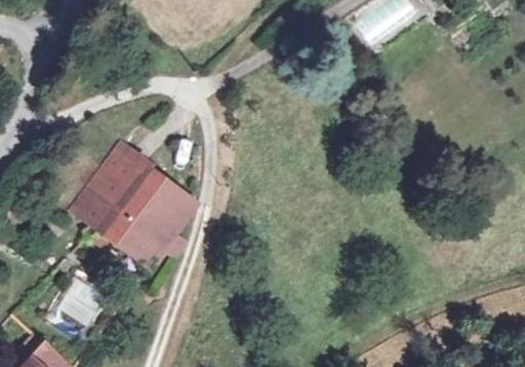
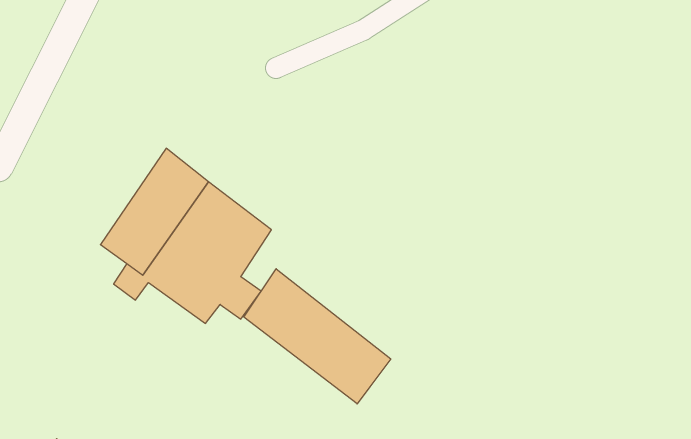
building: none -> [244,269,391,404]

